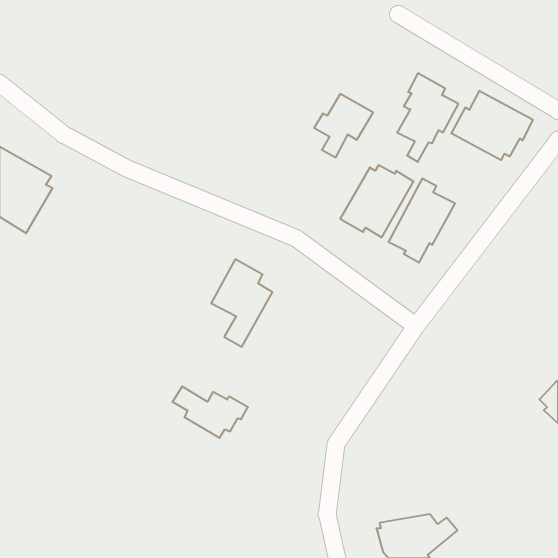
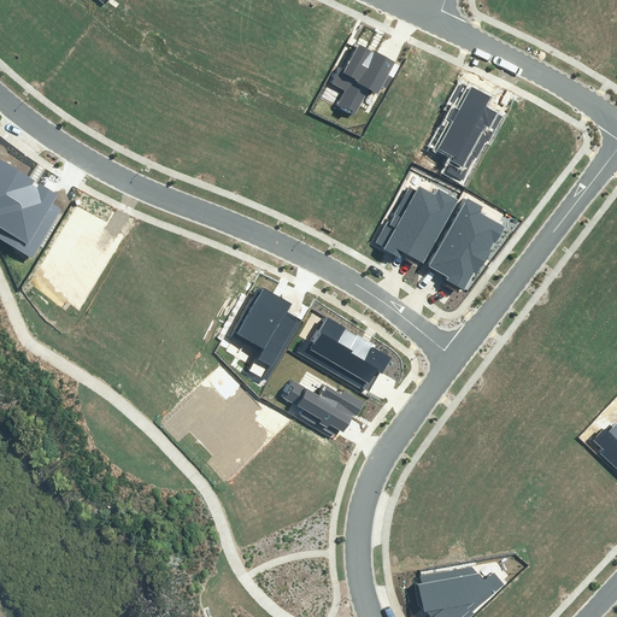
building: [451,91,533,160] -> none
building: [314,94,373,157] -> [330,43,395,113]
building: none -> [295,319,390,390]
building: [172,386,248,438] -> [280,381,363,437]

